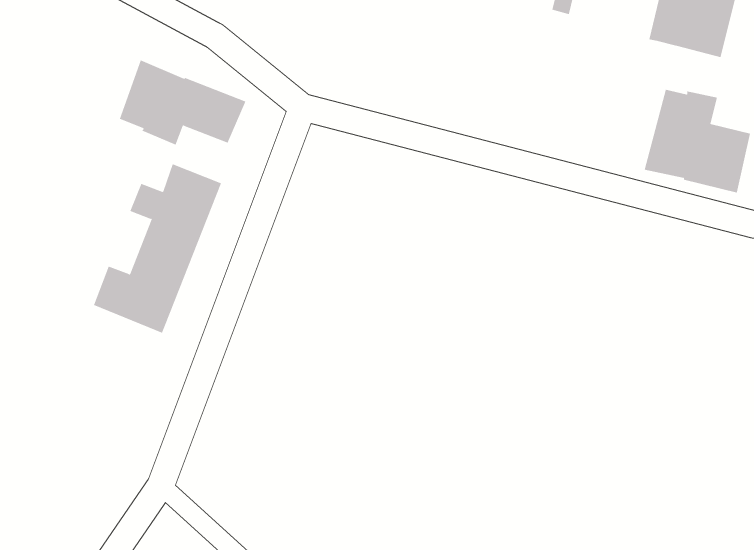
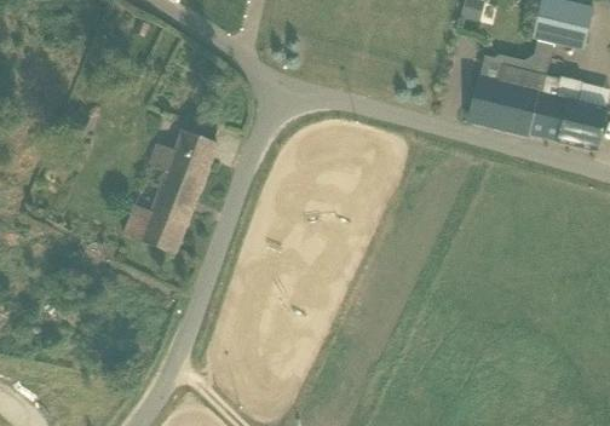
building: none -> [468,40,552,134]
building: [119,60,246,145] -> none

